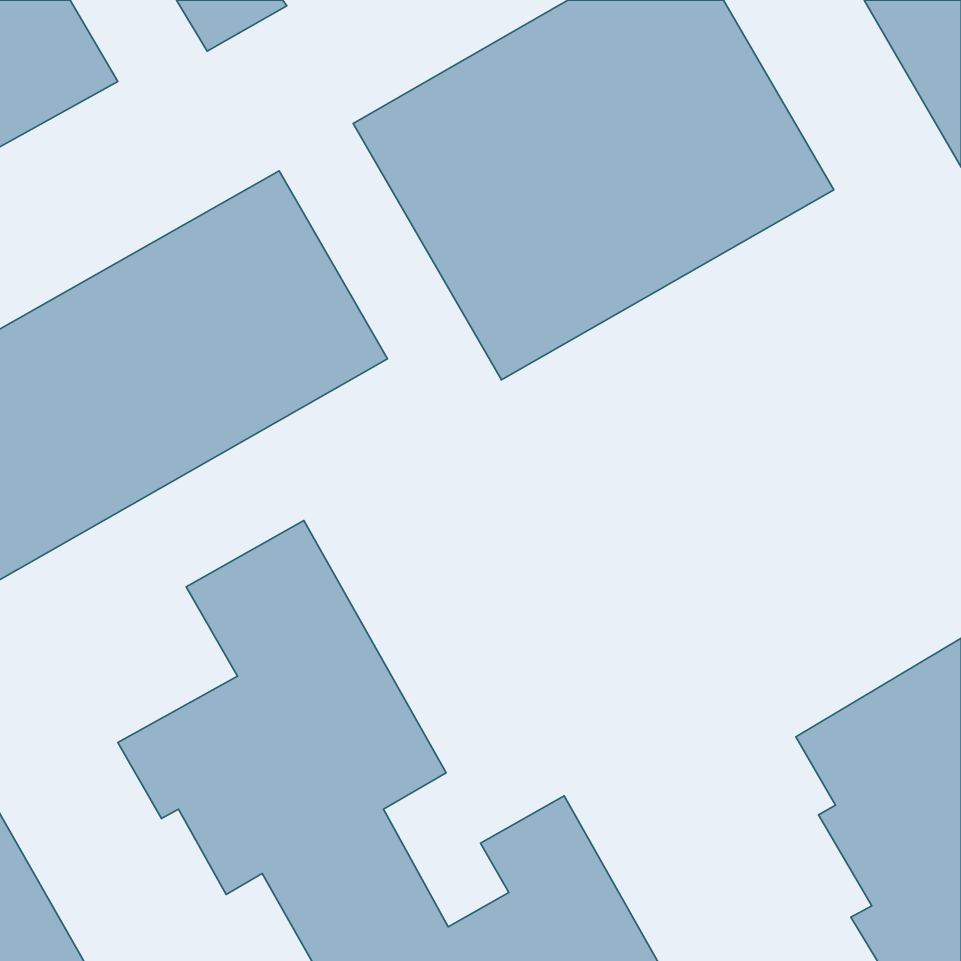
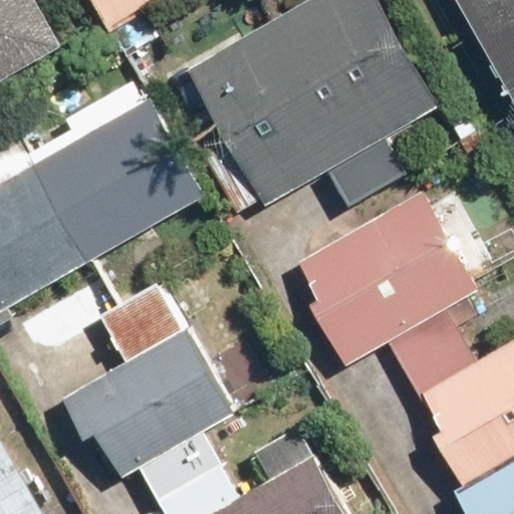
building: none -> [297,191,480,367]

